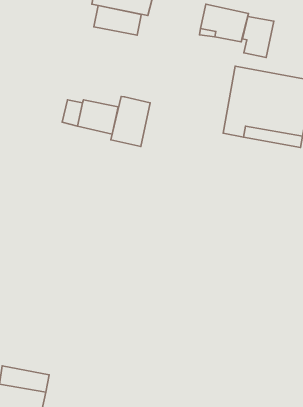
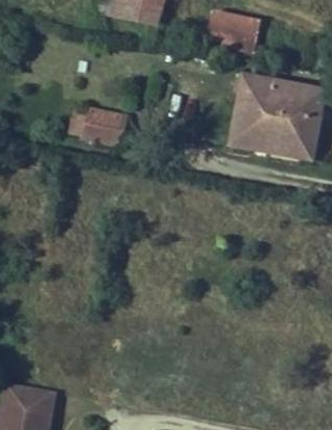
building: [94,5,141,35] -> none
building: [242,16,274,58] -> none
building: [111,97,150,146] -> none

